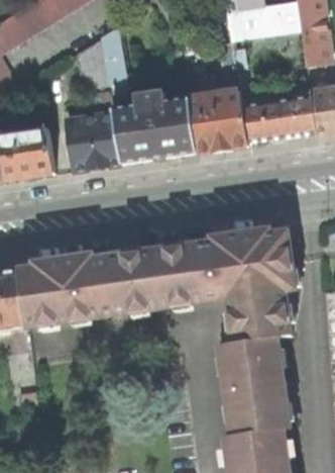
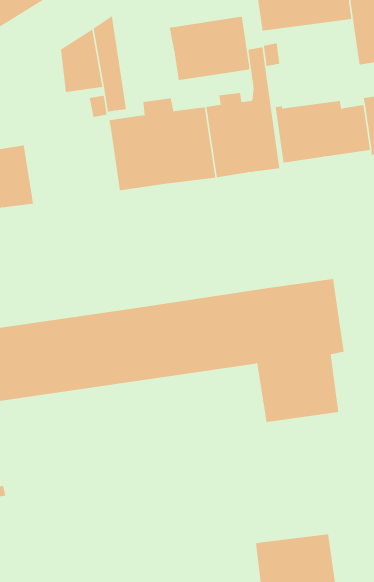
building: none -> [169,16,250,81]
building: [67,112,122,169] -> none
building: [221,335,291,433] -> none

